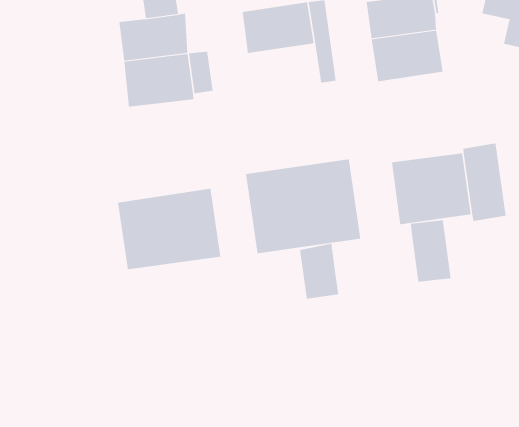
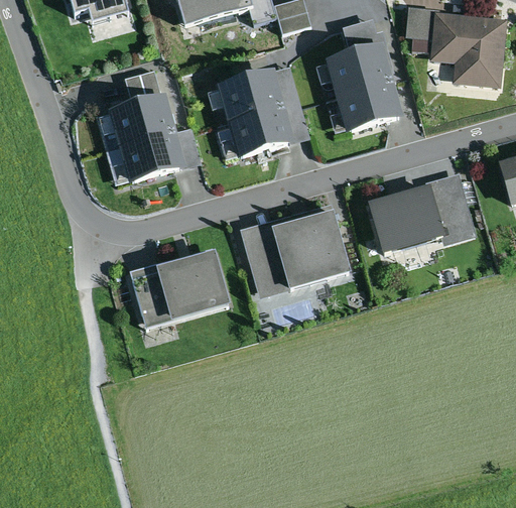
building: none -> [226,106,295,160]
building: [410,220,451,283] -> none
building: [299,243,339,299] -> none

